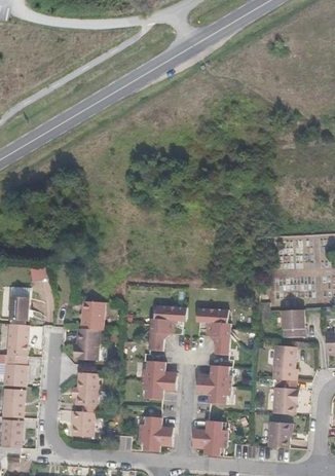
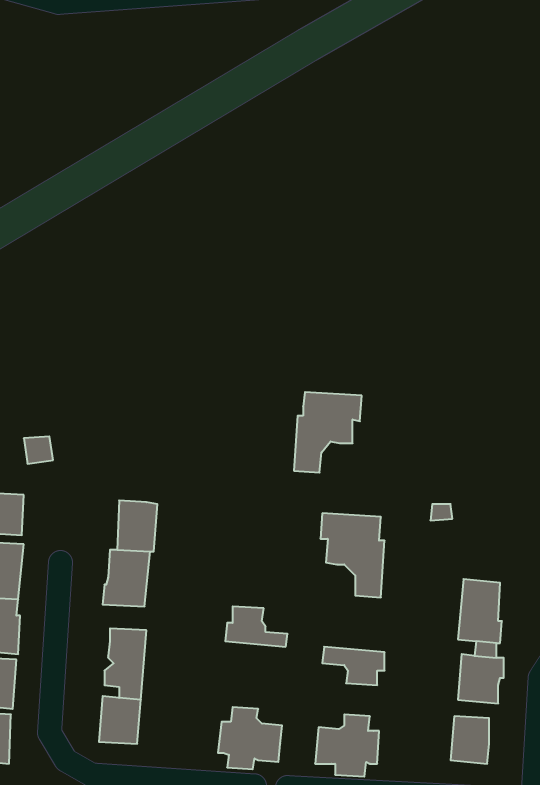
building: [149,305,187,351] -> [294,392,362,473]
building: [282,309,305,338] -> none
building: [197,365,232,386] -> none
building: [142,379,176,400] -> none

